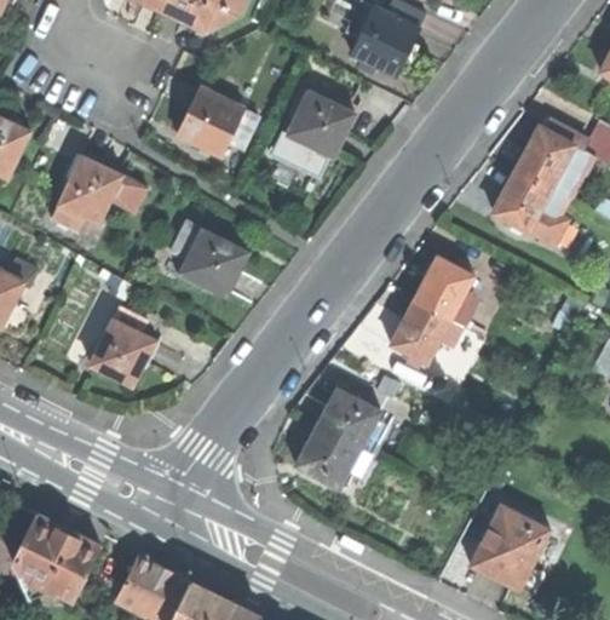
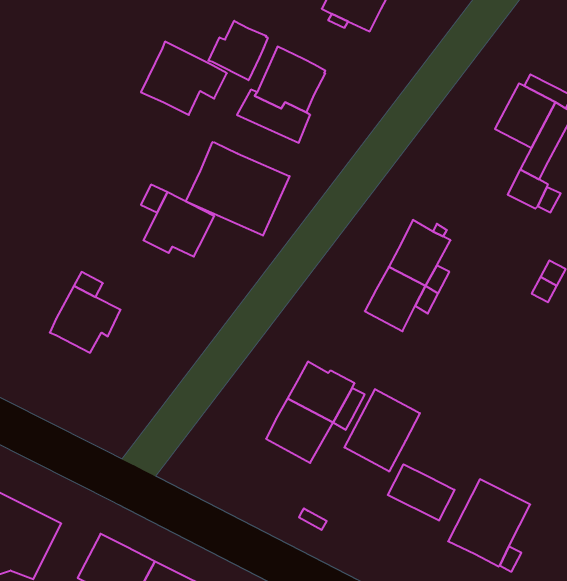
building: none -> [208,21,268,80]
building: [52,155,146,225] -> none
building: [493,168,551,231] -> none
building: none -> [186,142,290,236]
building: none -> [344,389,420,472]
building: none -> [388,464,455,521]

